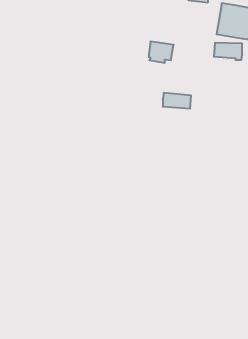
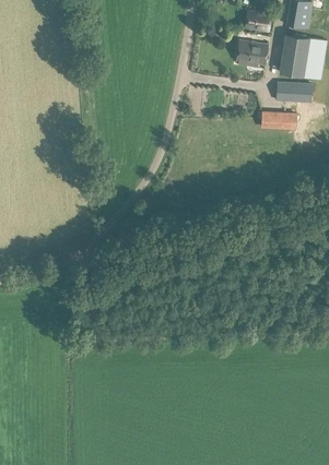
building: [149,41,174,63] -> [236,40,268,68]
building: [163,93,191,108] -> [260,110,296,130]

